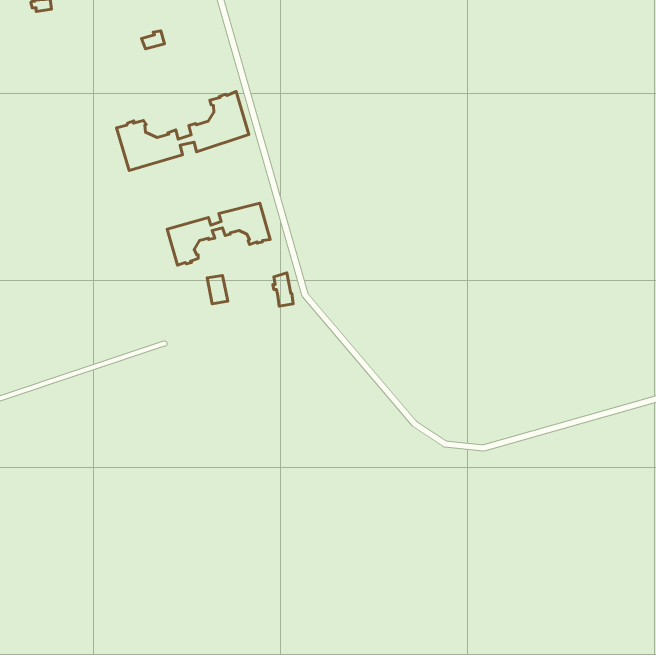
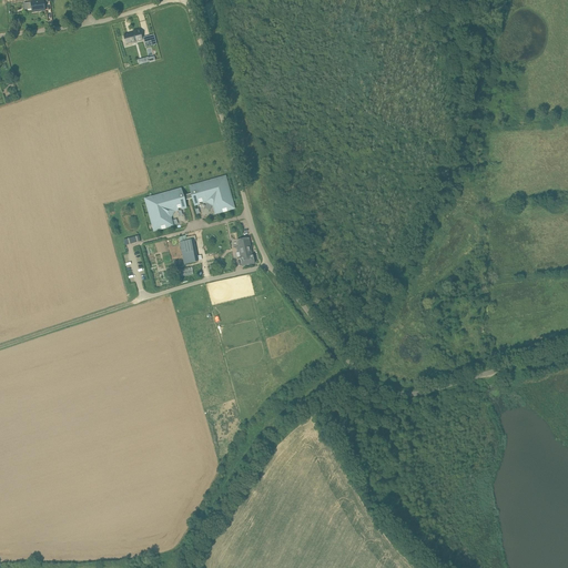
building: [117,92,249,171] -> none

